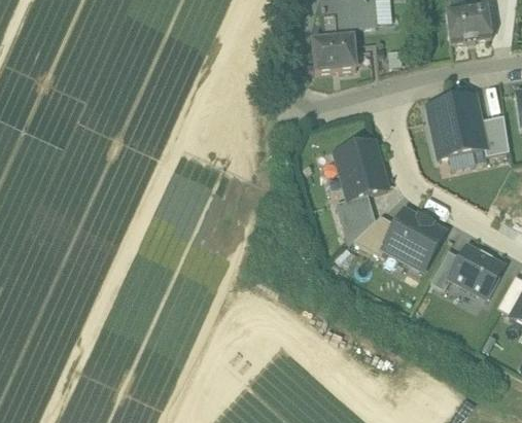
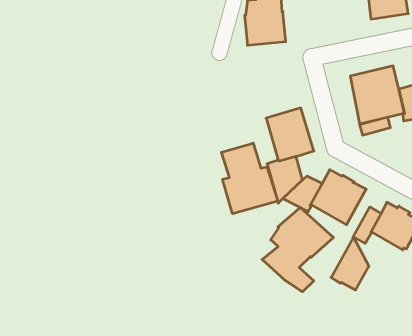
building: none -> [221,143,278,214]
building: none -> [262,207,333,292]
building: none -> [331,237,369,290]

